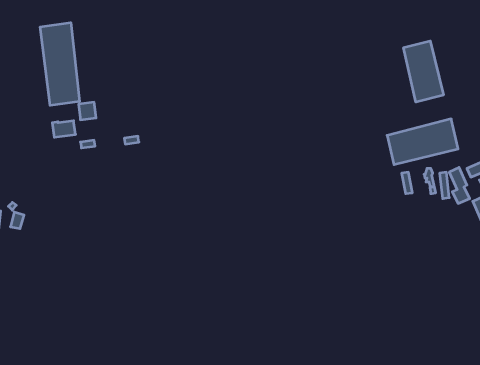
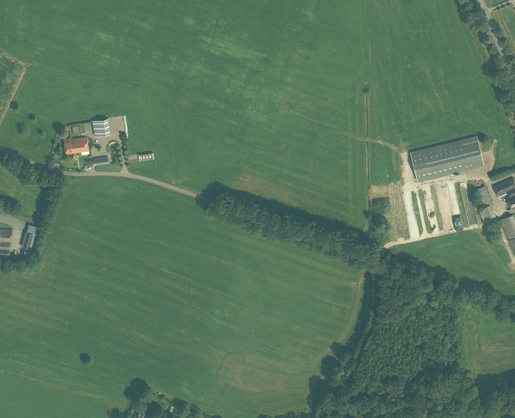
building: [40,23,80,105] -> none
building: [404,41,443,102] -> none

